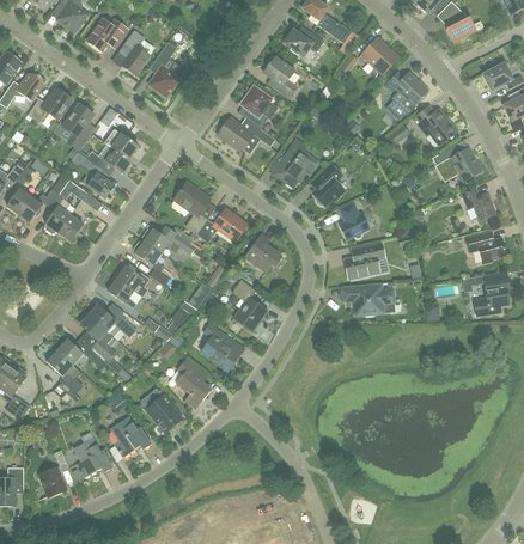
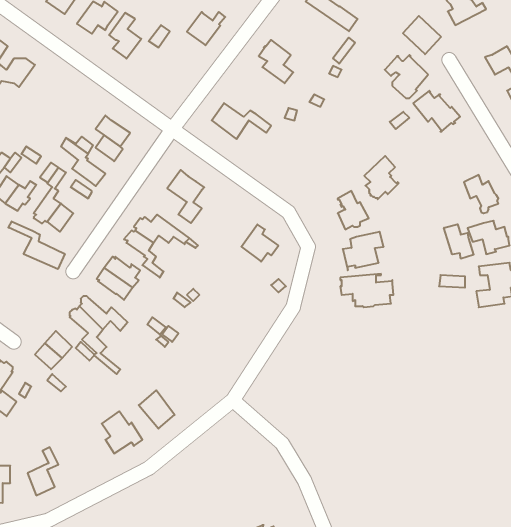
building: [284,29,324,56] -> none
building: [361,37,398,74] -> [403,16,441,54]
building: [148,65,185,97] -> [187,12,225,45]
building: [239,84,278,128] -> none
building: [28,87,72,123] -> none
building: [63,104,95,149] -> none
building: [273,139,316,188] -> none
building: [432,146,481,181] -> none
building: [311,164,345,206] -> [364,156,399,199]
building: [197,208,246,242] -> none
building: none -> [8,221,65,269]
building: none -> [444,224,474,259]
building: [232,279,268,328] -> none
building: [201,324,238,369] -> none
building: [177,359,211,407] -> none
building: [75,432,112,477] -> none

